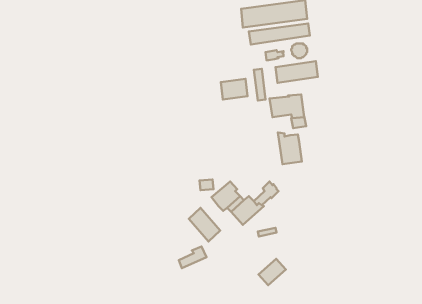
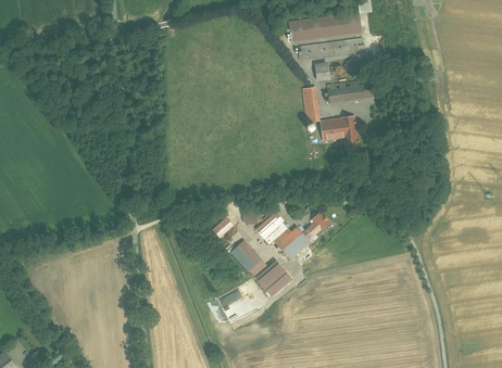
building: [221,79,247,99] -> none
building: [278,132,302,164] -> none
building: [258,259,286,285] -> [255,261,286,290]

